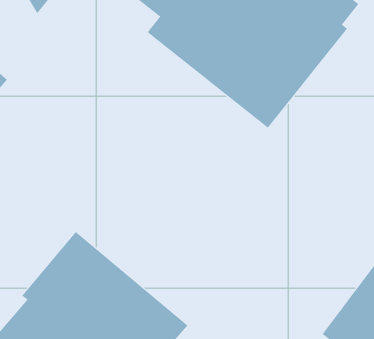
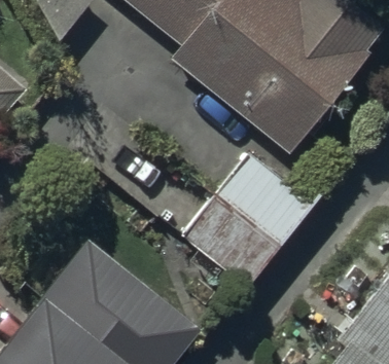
building: none -> [179,153,313,291]

